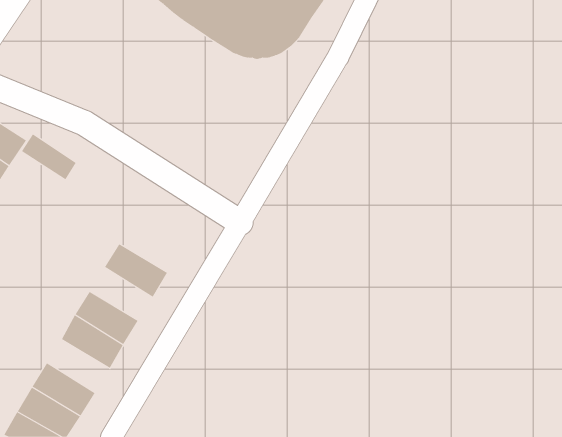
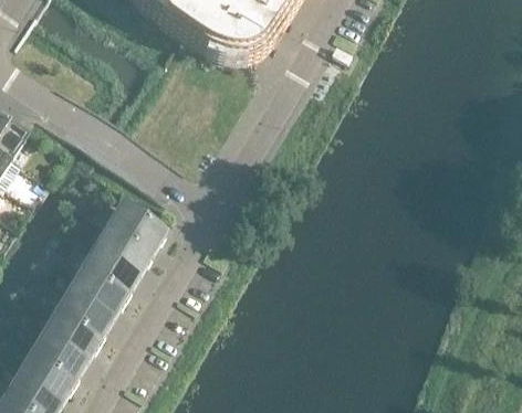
building: [21,133,76,180] -> none
building: none -> [109,198,167,246]
building: none -> [83,241,140,289]
building: none -> [44,306,102,354]

